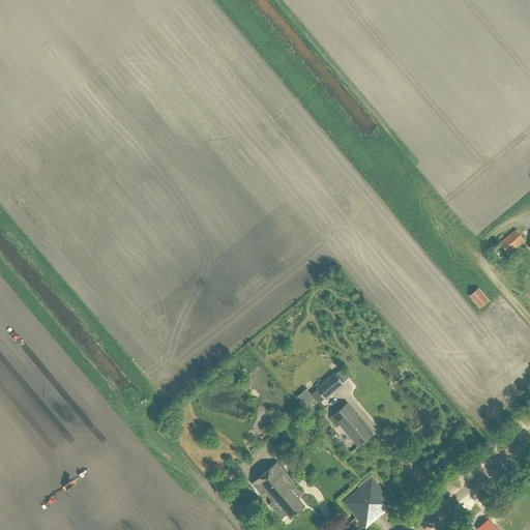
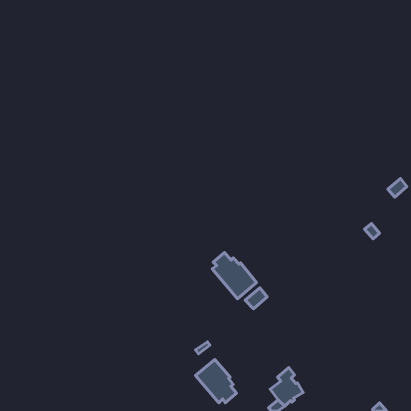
building: none -> [212,253,257,299]
building: [329,403,373,446] -> none

